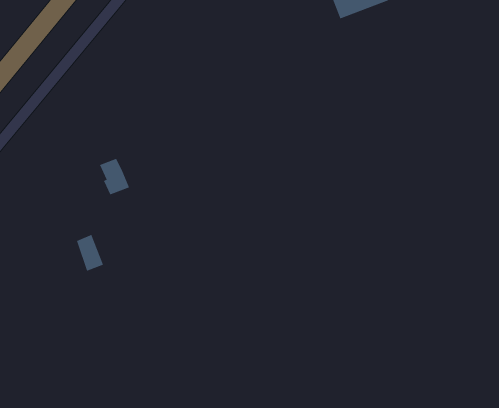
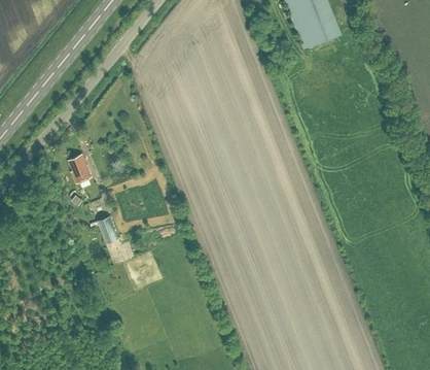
building: [99,158,130,195] -> [69,155,93,183]

